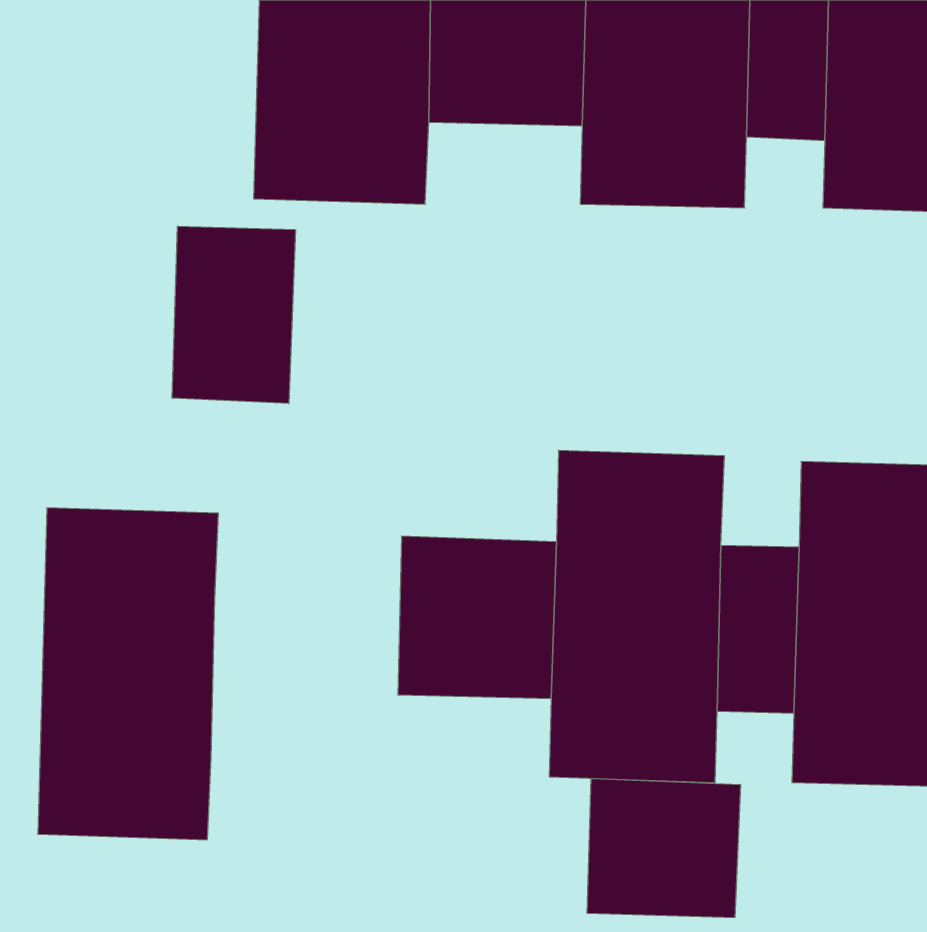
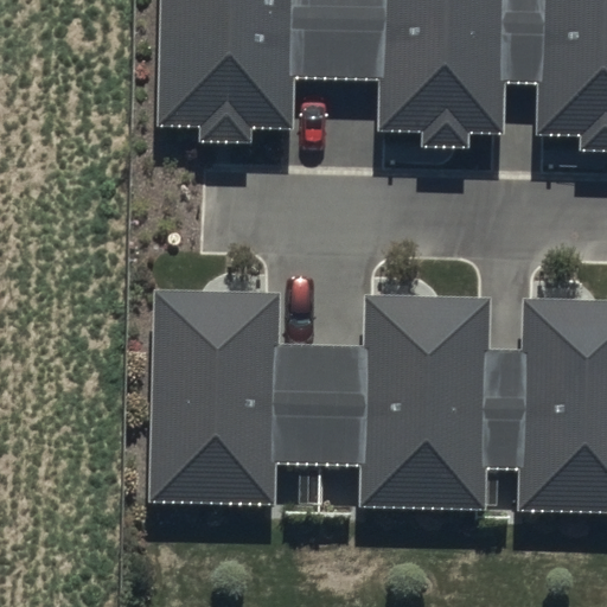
building: [172,226,295,404] -> none
building: [38,508,218,840] -> [149,289,267,505]
building: [587,778,740,918] -> none

